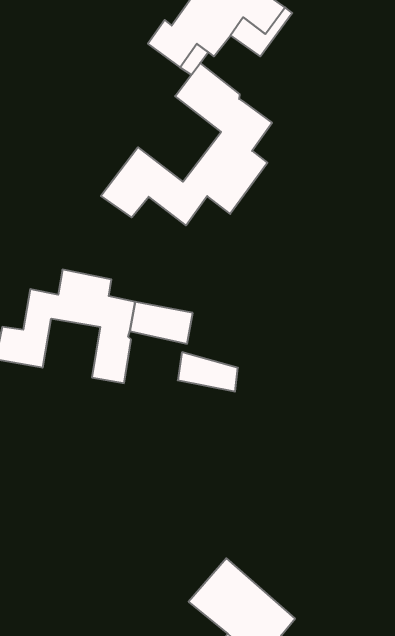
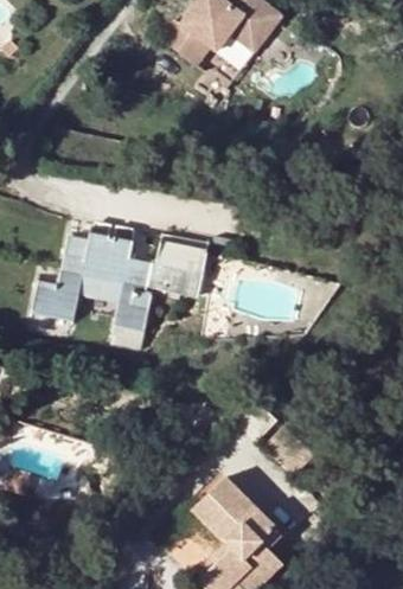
building: [101,63,272,225] -> none
building: [178,352,238,392] -> [152,237,203,270]

